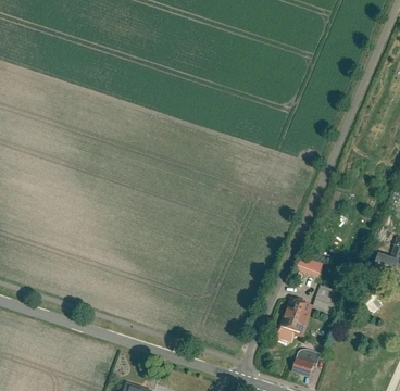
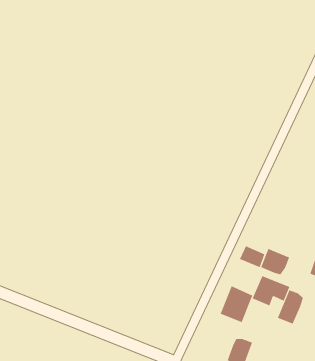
building: none -> [260,248,290,275]
building: none -> [277,289,304,325]

